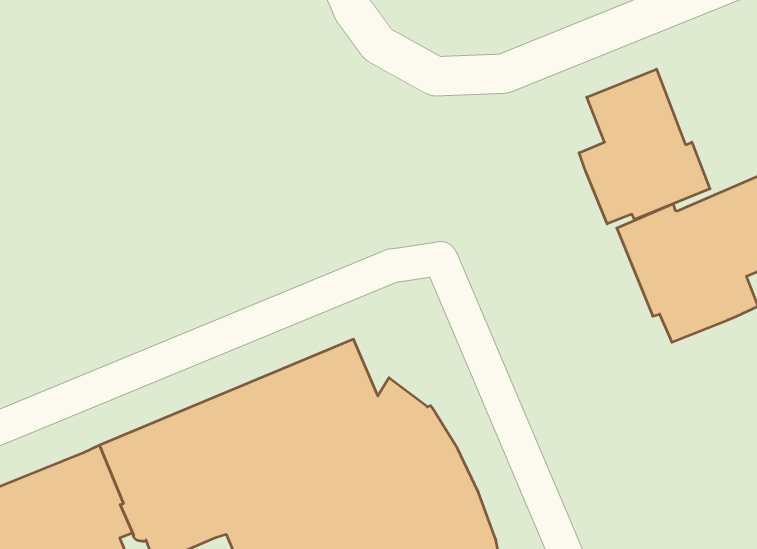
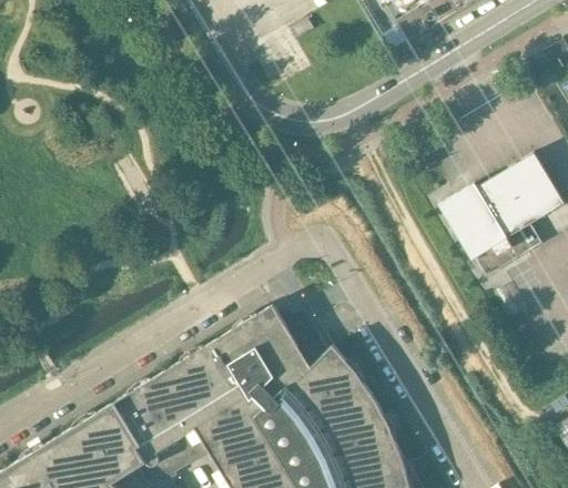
building: [579,69,710,224] -> none

